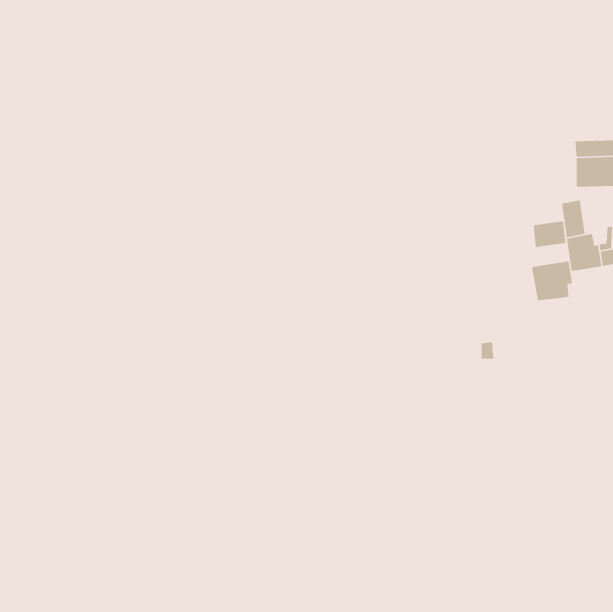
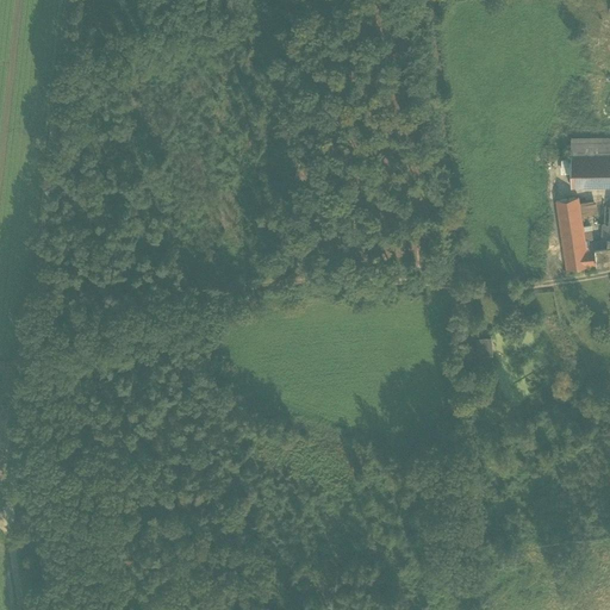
building: [533,221,566,248] -> none
building: [531,261,573,301] -> none

